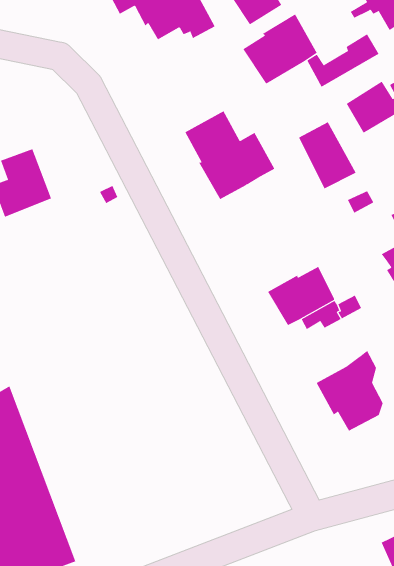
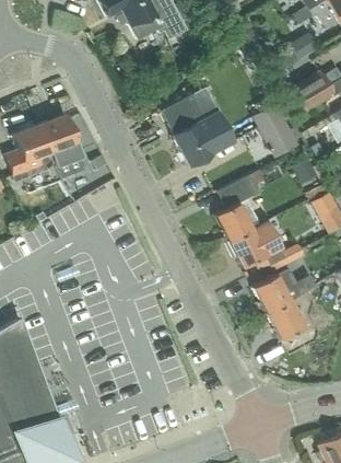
building: [243,14,317,84] -> none
building: none -> [39,114,86,177]
building: none -> [215,174,261,241]
building: none -> [254,267,316,314]

